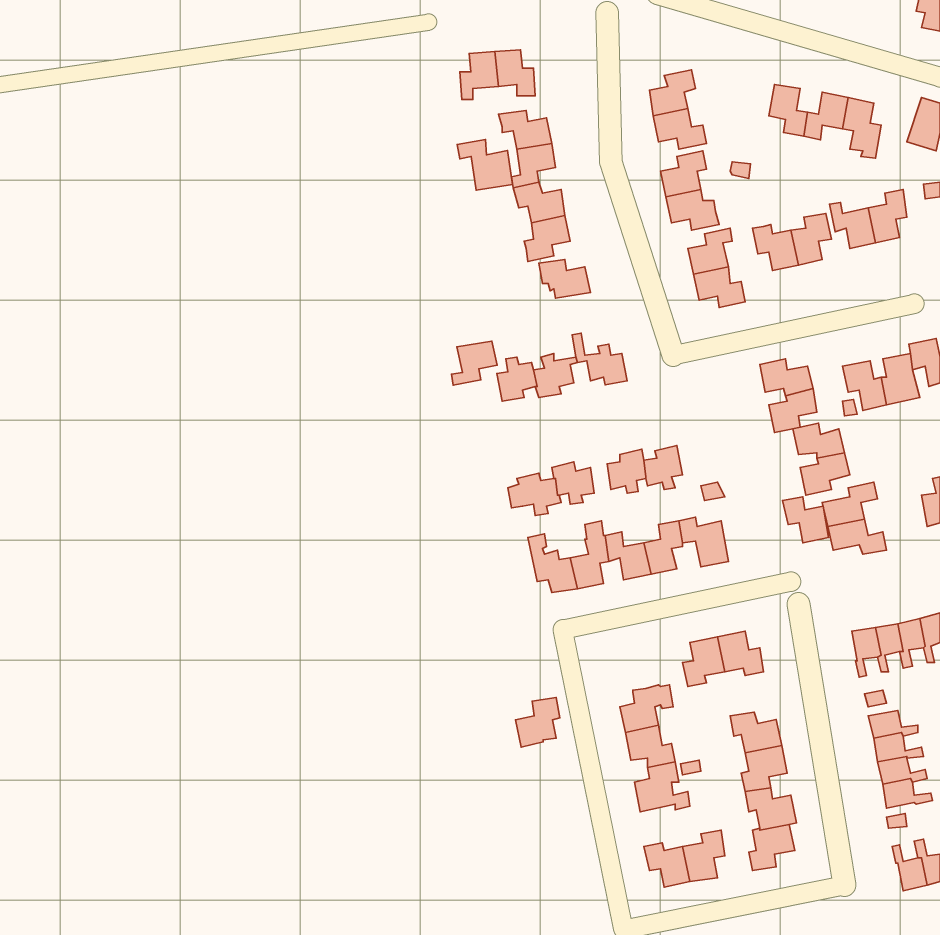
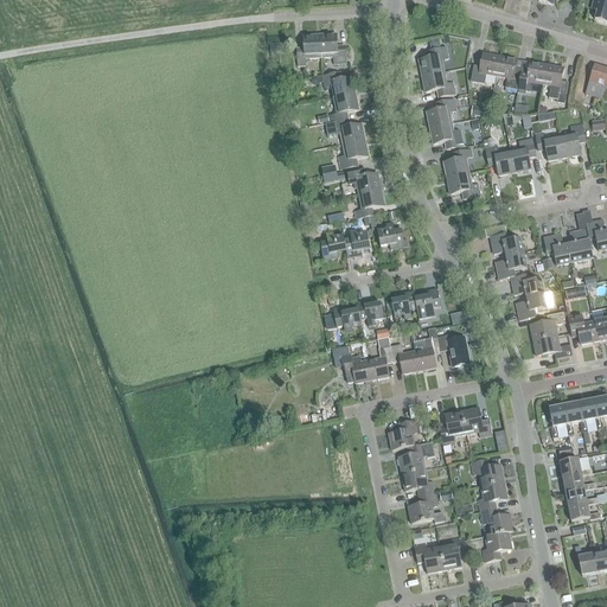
building: none -> [471,51,499,82]
building: [457,140,513,190] -> none
building: [451,341,497,385] -> [354,189,384,217]
building: [783,497,829,543] -> [568,313,598,343]
building: [516,698,560,747] -> [390,417,418,449]

